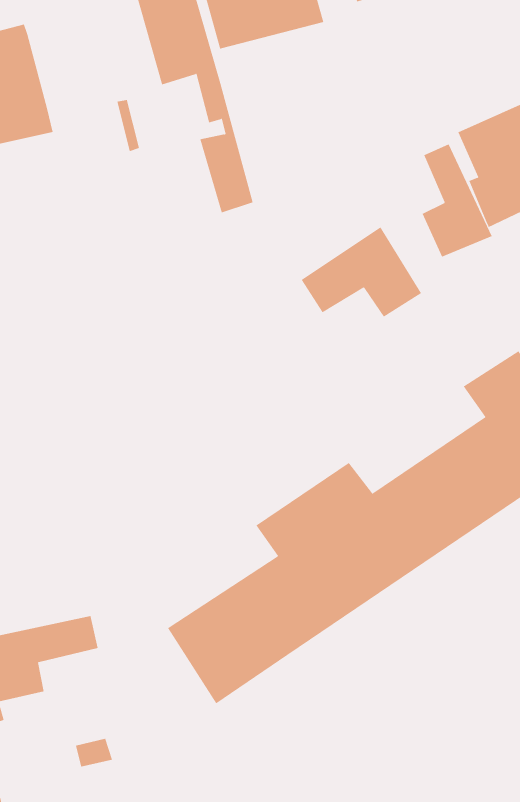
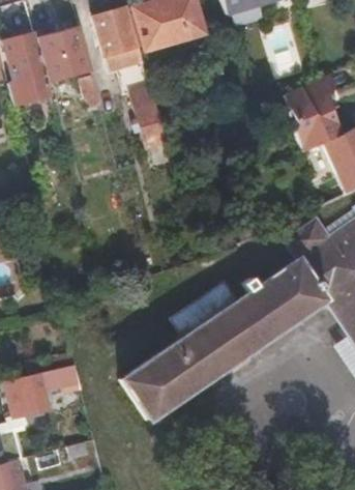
building: none -> [39,27,94,81]
building: [422,143,492,258] -> none
building: [301,226,422,318] -> none

